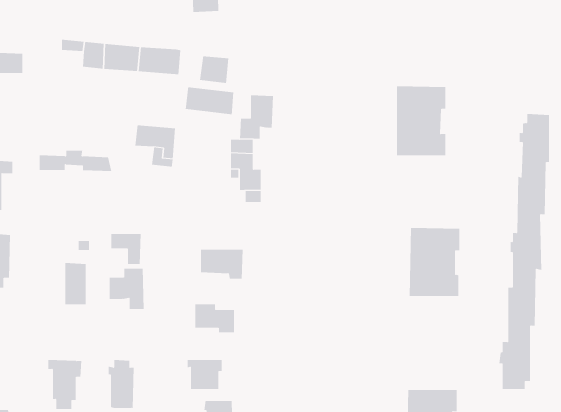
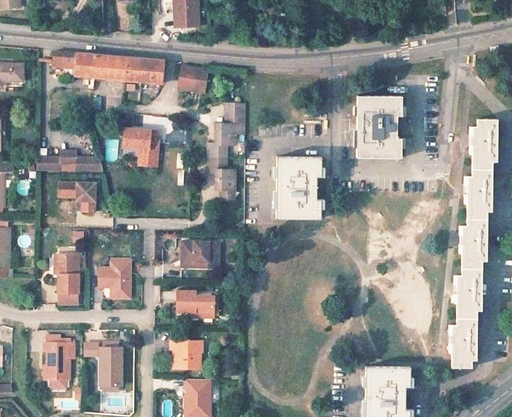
building: [185,86,234,115] -> none
building: [409,227,460,296] -> [276,155,322,217]
building: [110,233,142,265] -> [66,184,94,212]

